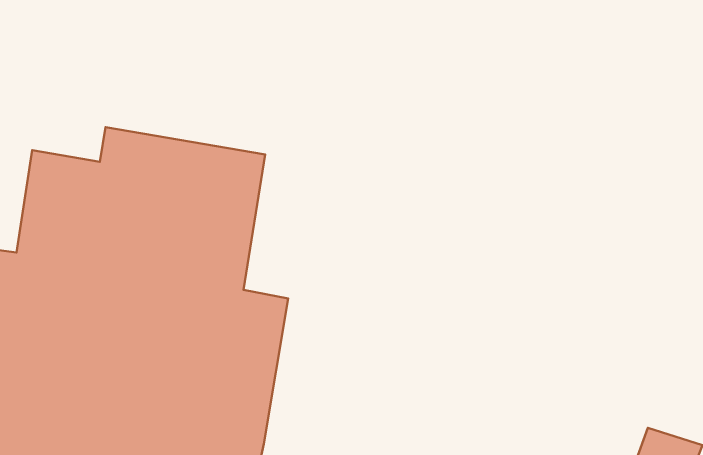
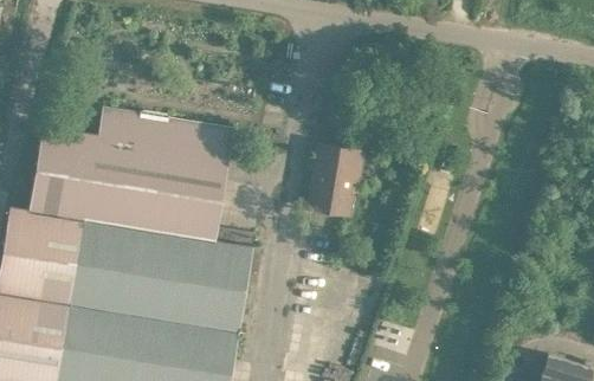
building: none -> [308,143,360,214]

